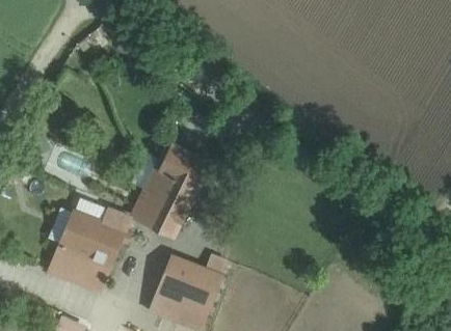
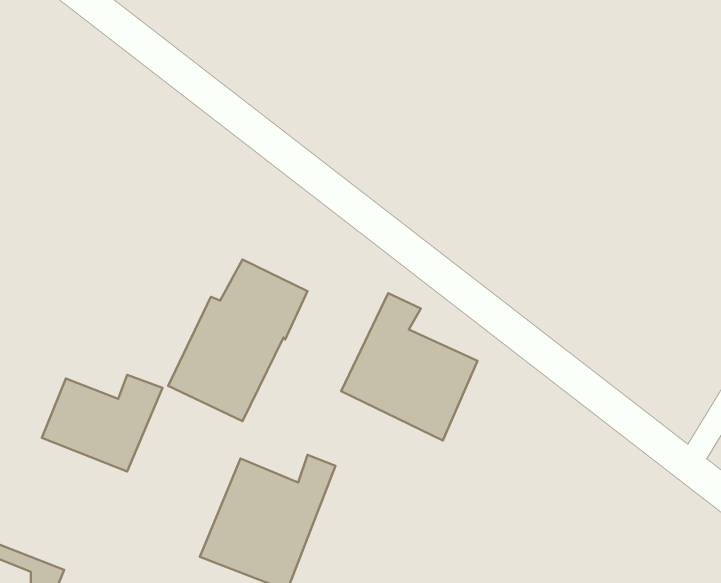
building: none -> [341,293,478,440]
building: [52,247,109,289] -> none

